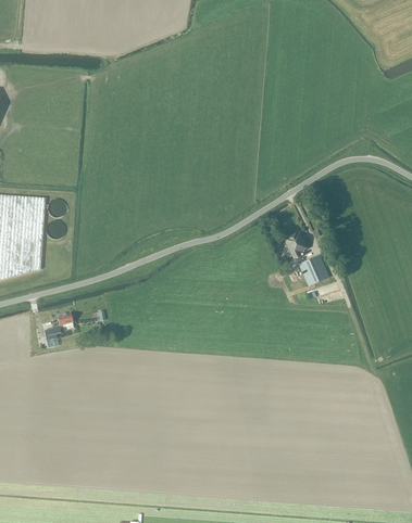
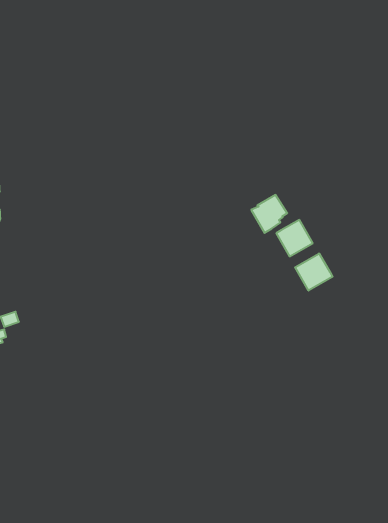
building: none -> [295,253,333,291]

